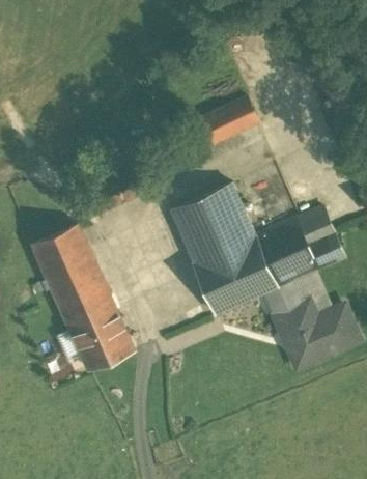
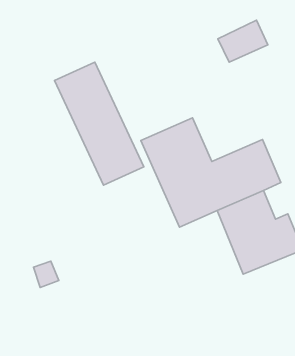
building: [201,94,260,144] -> [218,20,268,62]
building: [31,228,137,374] -> [55,62,144,185]

